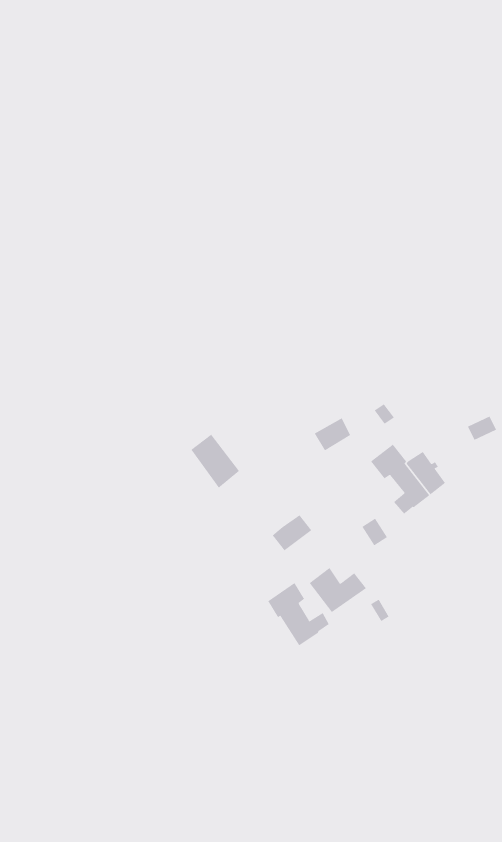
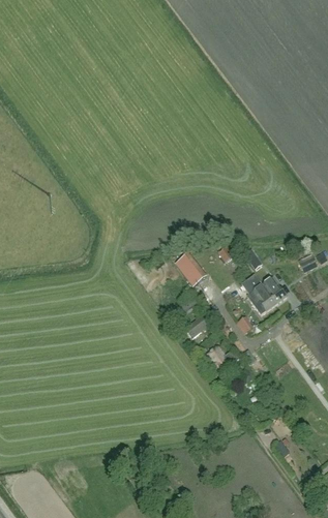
building: [190,434,240,488] -> [176,254,205,286]
building: [267,582,330,646] -> none

